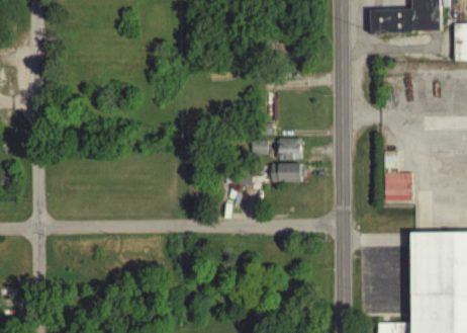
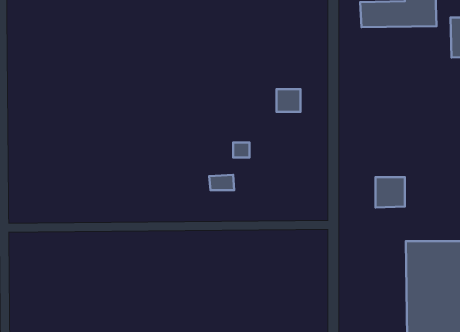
building: [278,139,300,160] -> [277,89,300,112]
building: [270,164,301,182] -> none

